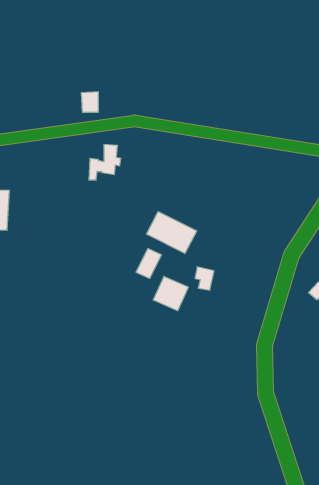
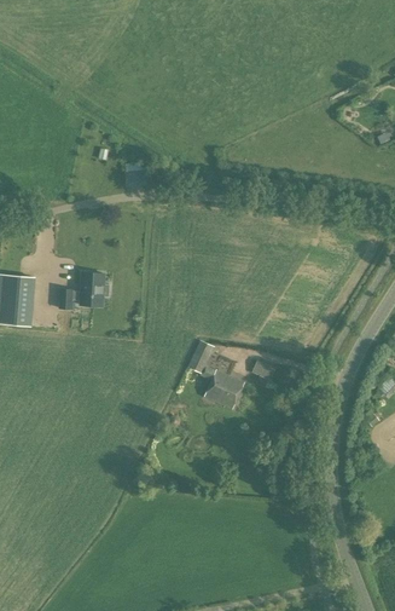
building: [89,145,121,180] -> [72,270,109,310]
building: [146,212,197,254] -> none

